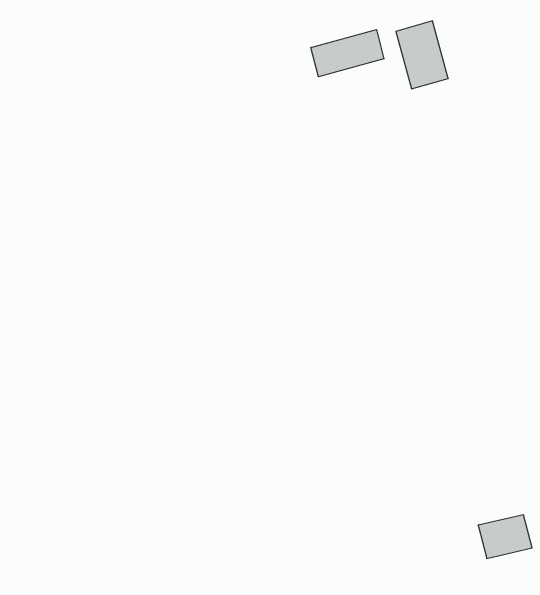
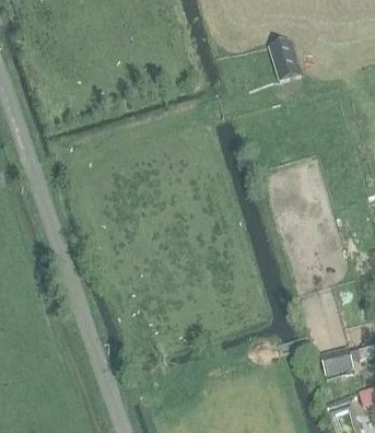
building: [311,30,384,77] -> none

